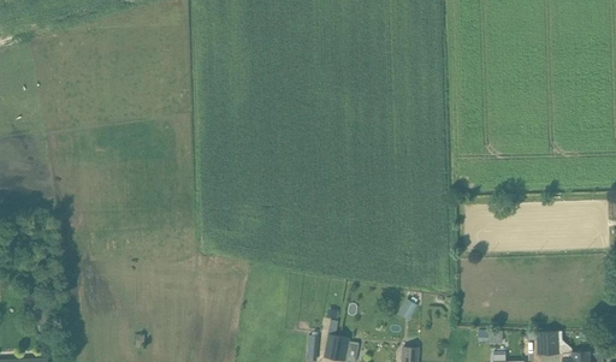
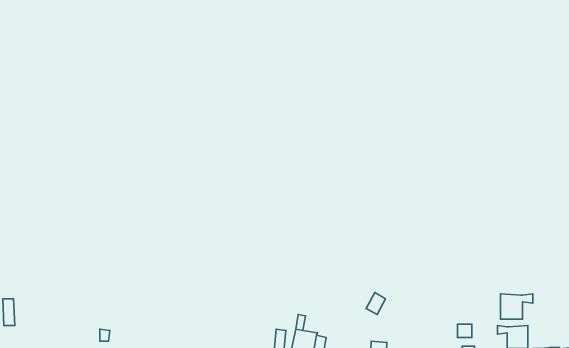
building: none -> [500,294,533,319]

